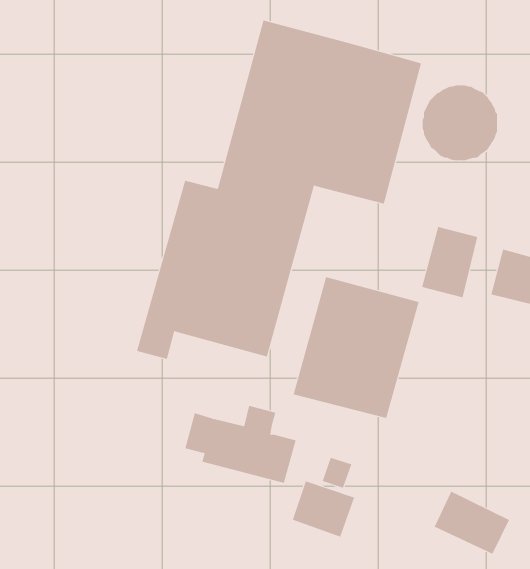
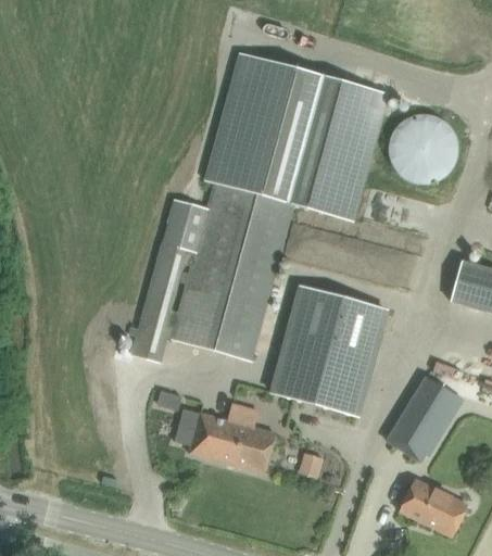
building: [422,226,478,298] -> none
building: none -> [384,376,463,463]
building: [292,480,355,538] -> none

